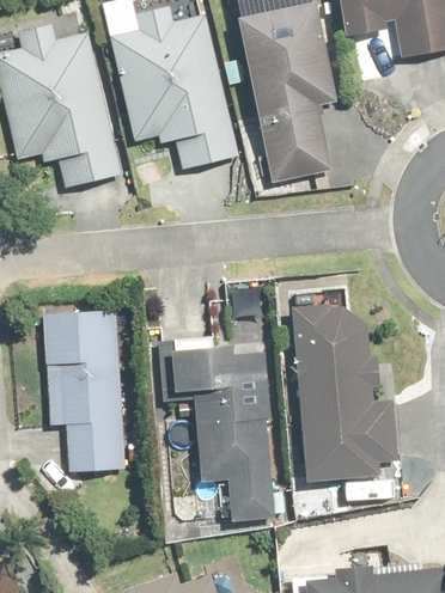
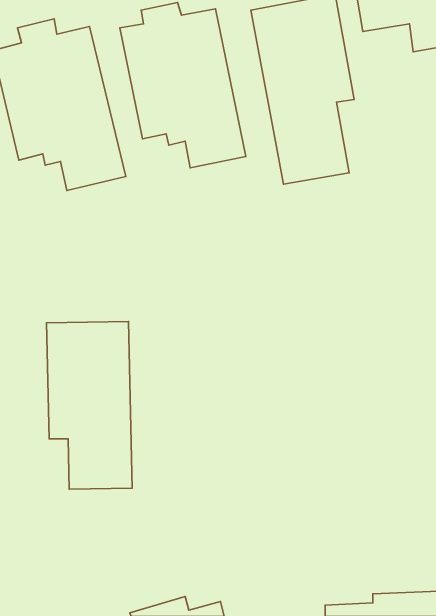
building: [291,304,397,481] -> none
building: [173,338,274,521] -> none

